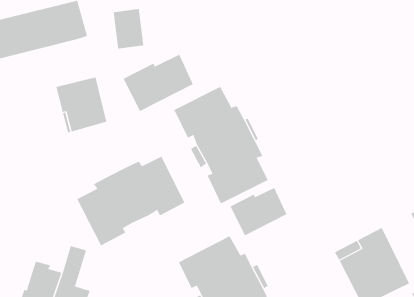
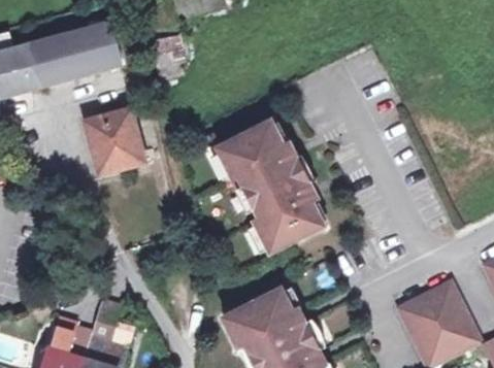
building: [123,54,193,112] -> none
building: [77,156,185,246] -> none
building: [230,187,287,236] -> none

